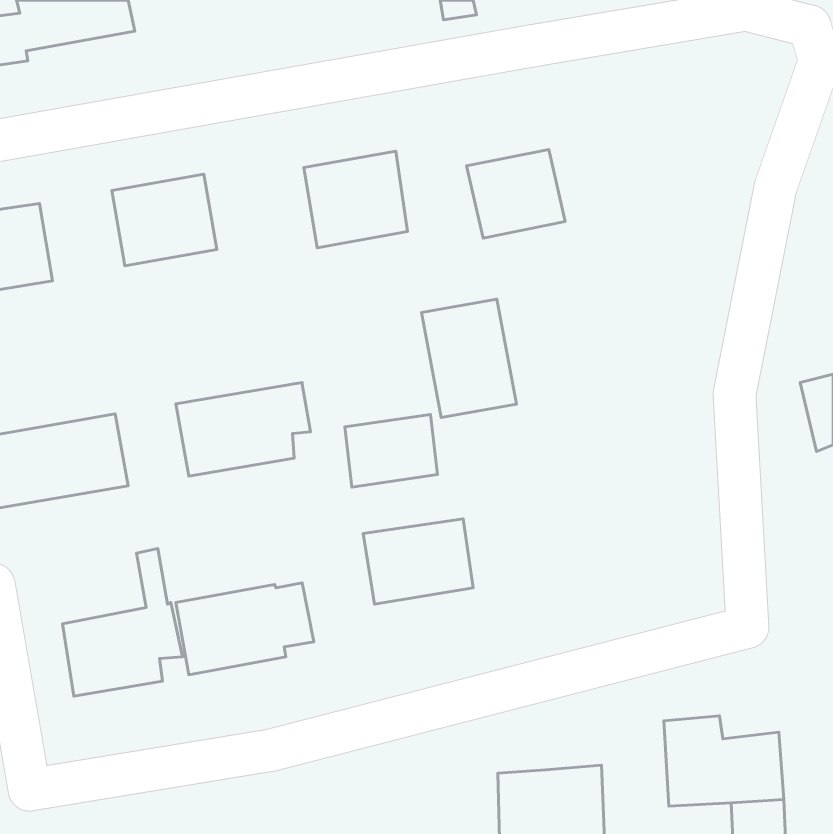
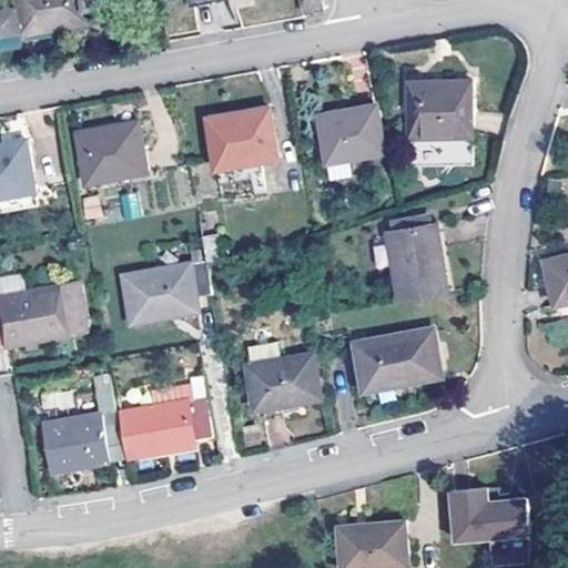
building: none -> [407,81,471,139]
building: [421,299,517,417] -> [384,222,448,302]
building: [345,414,437,487] -> none
building: none -> [352,328,442,393]

